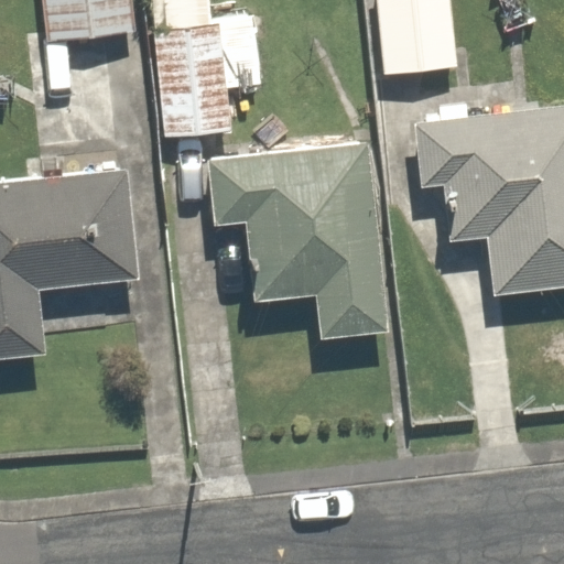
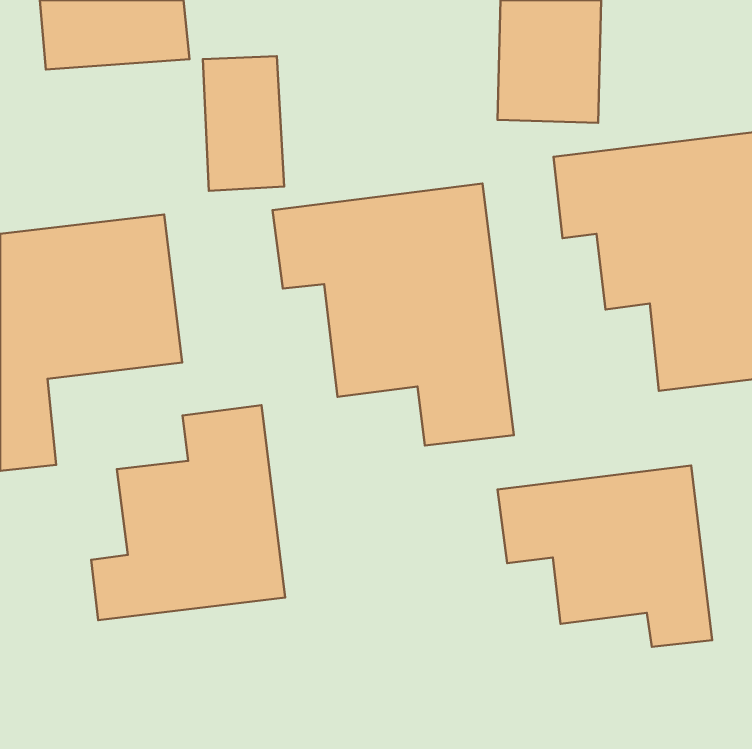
building: none -> [91,405,285,620]
building: none -> [498,466,712,647]

